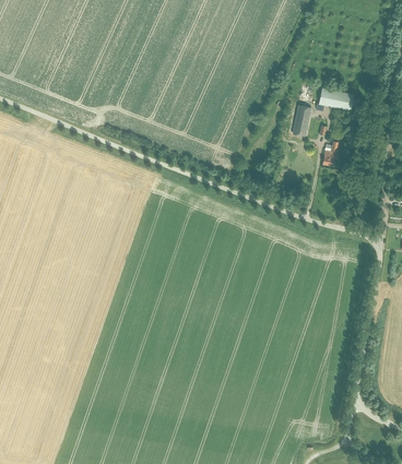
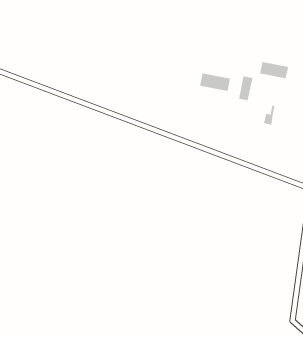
building: none -> [199,73,231,92]

